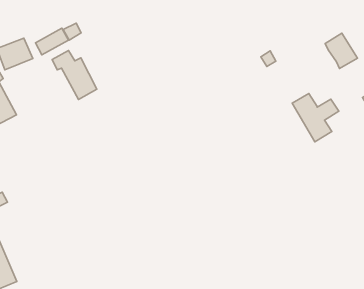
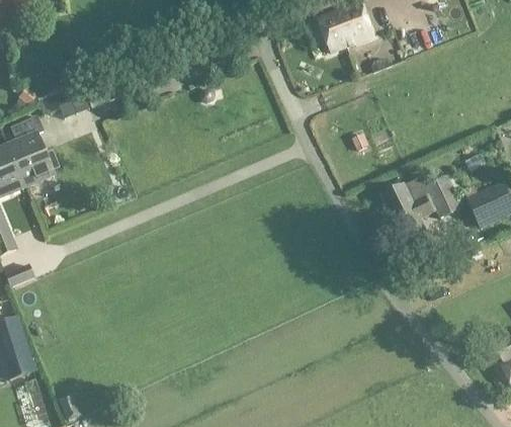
building: [325,33,357,68] -> [425,175,461,217]
building: [52,51,97,99] -> none

